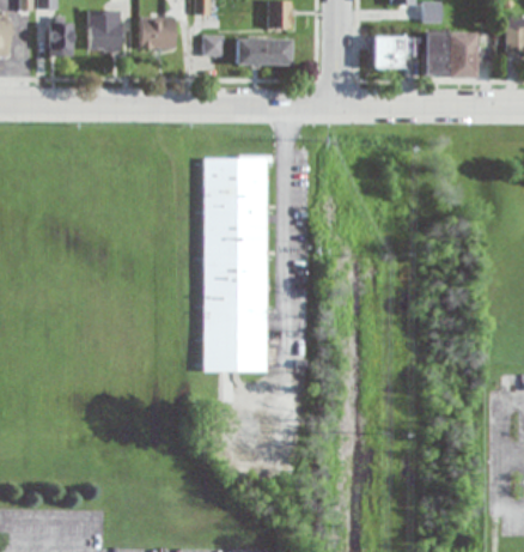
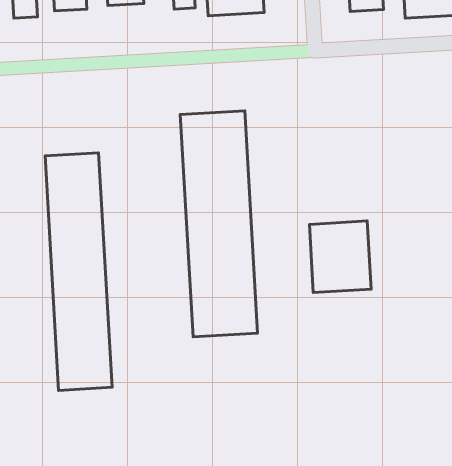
building: none -> [45,153,112,390]
building: none -> [309,221,371,292]

